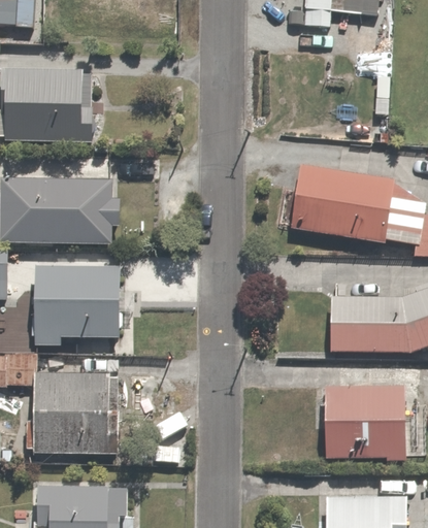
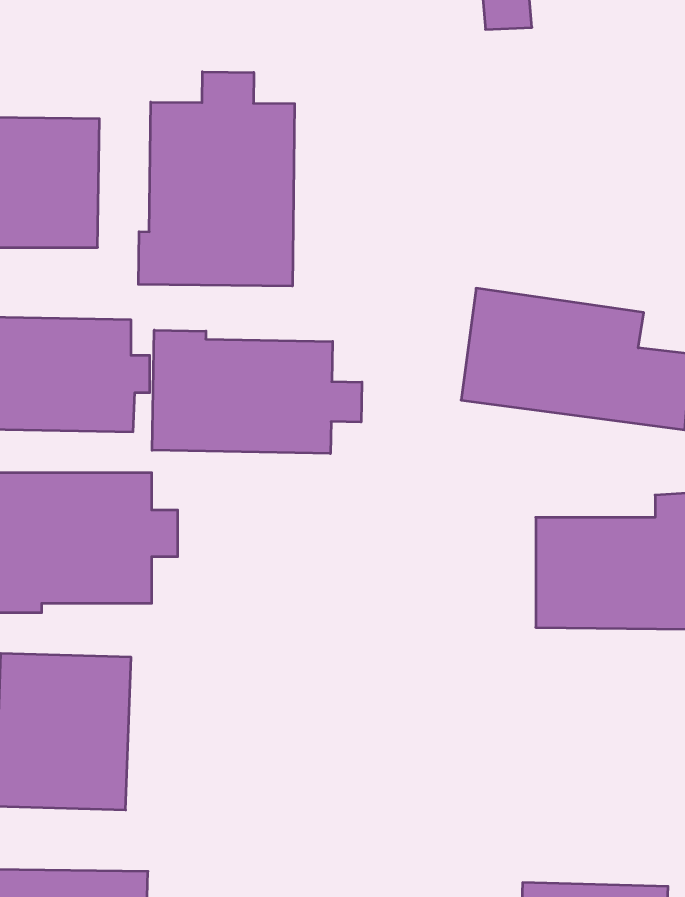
building: none -> [138,72,295,286]
building: none -> [152,330,362,454]
building: [326,385,407,458] -> none

